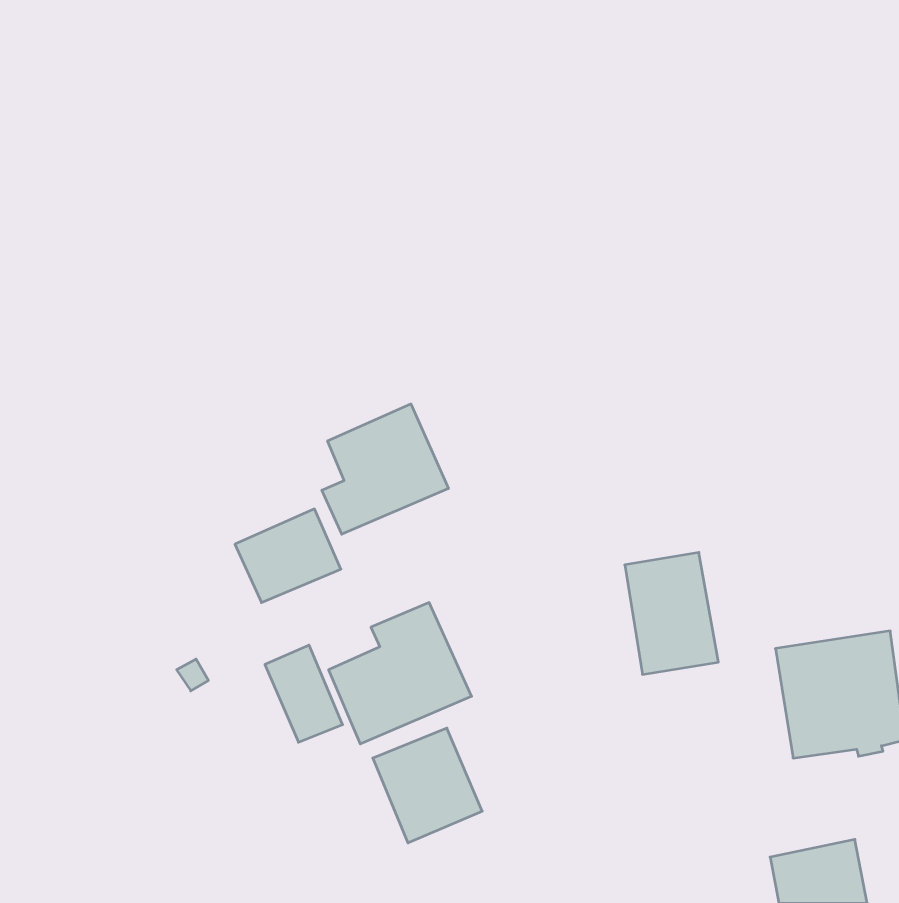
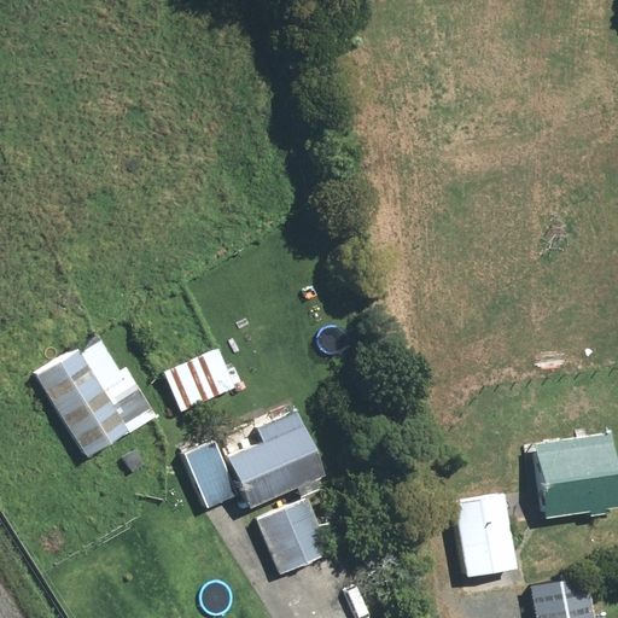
building: [322,404,448,534] -> none
building: none -> [34,339,158,460]
building: [625,552,718,674] -> [453,494,517,577]

